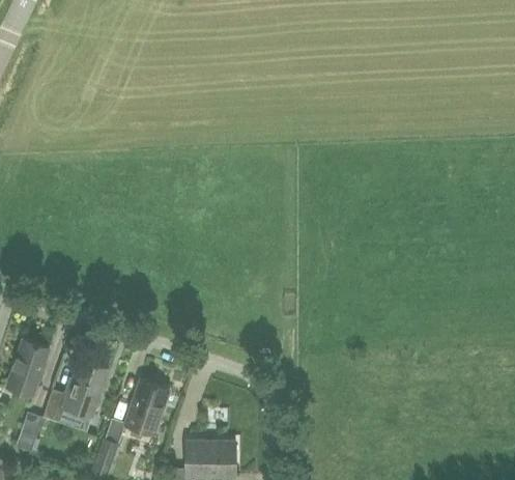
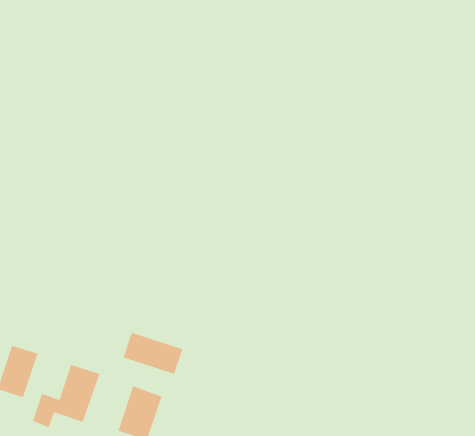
building: none -> [122,332,183,375]

